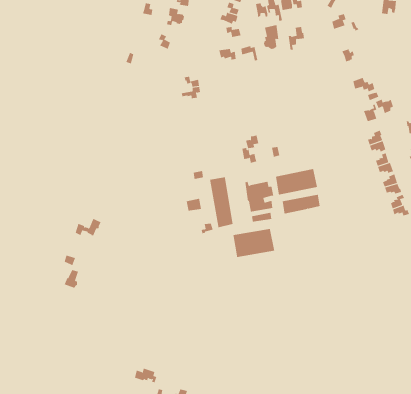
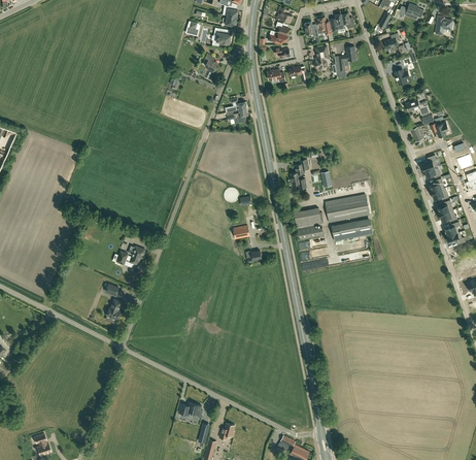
building: [210,177,233,228] -> none
building: [233,228,275,258] -> none

